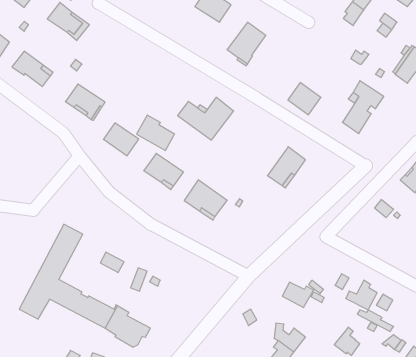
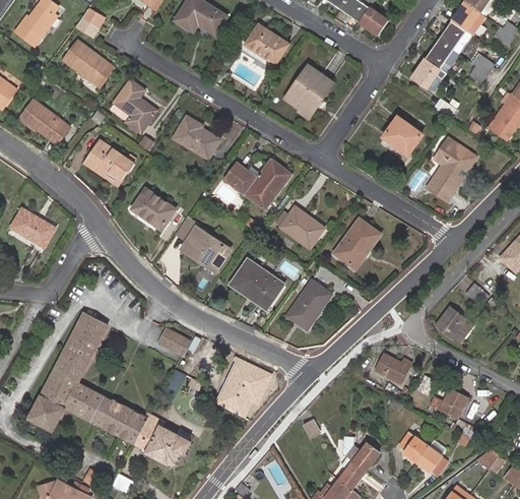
building: none -> [411,60,446,87]
building: none -> [113,80,156,133]
building: [288,83,321,115] -> [381,116,421,155]
building: [137,115,175,151] -> [173,116,219,160]
building: none -> [279,206,324,249]
building: none -> [9,208,55,249]
building: none -> [286,280,331,329]
building: none -> [435,307,473,342]
building: [100,252,124,273] -> [158,329,188,355]
building: none -> [214,356,271,418]
building: [282,282,314,308] -> [374,353,412,384]
building: none -> [398,431,429,462]

